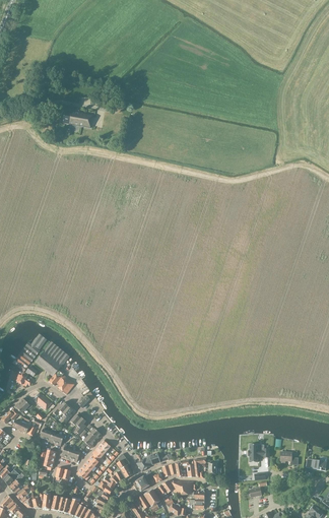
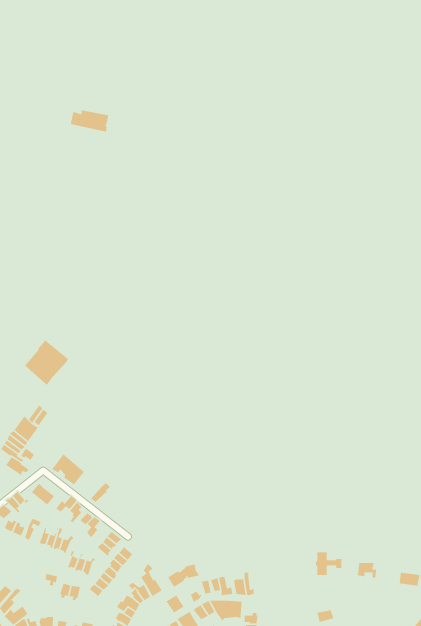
building: [36,341,69,377] -> [24,339,69,386]

